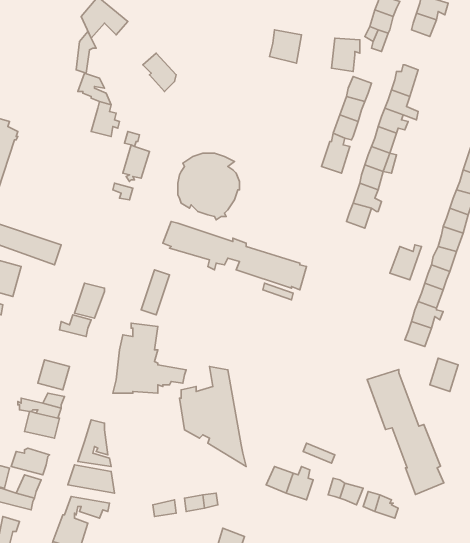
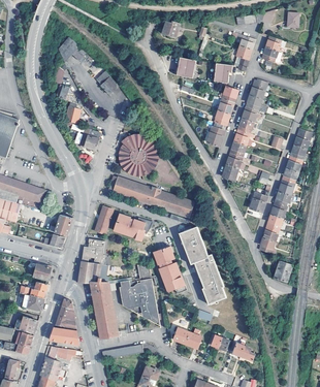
building: none -> [114,214,152,240]
building: none -> [152,247,186,294]
building: [367,370,444,495] -> [178,227,225,304]
building: none -> [90,282,118,338]

